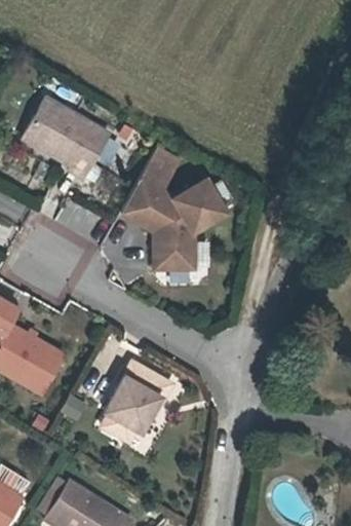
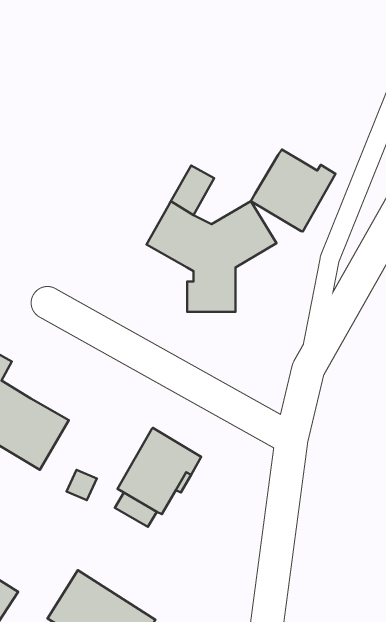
building: [23,98,110,179] -> none
building: none -> [251,149,336,231]

